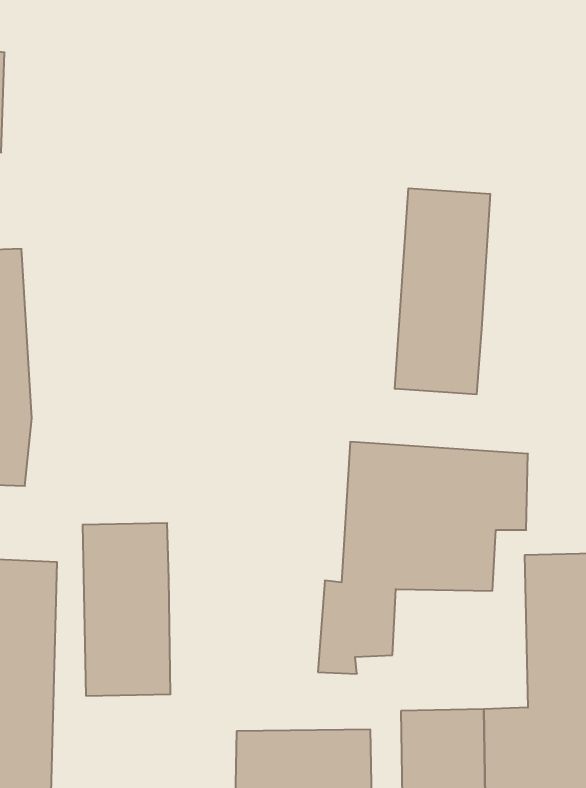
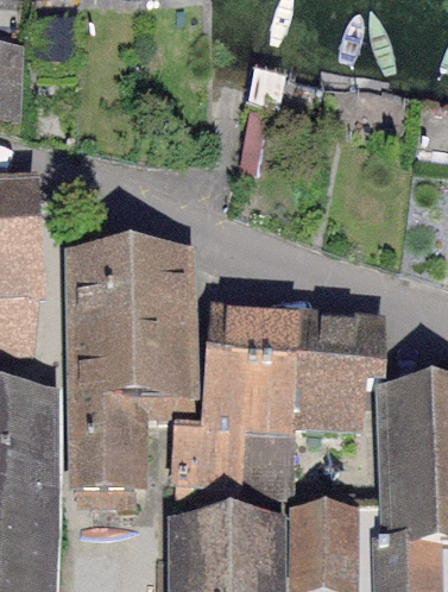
building: [395,188,490,394] -> none
building: none -> [71,253,194,410]
building: none -> [178,309,261,480]

